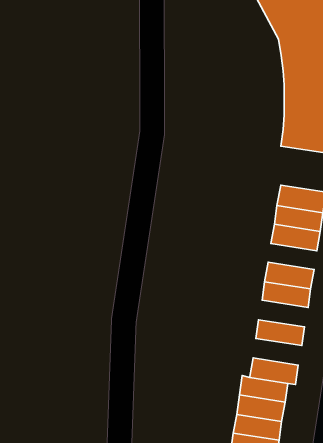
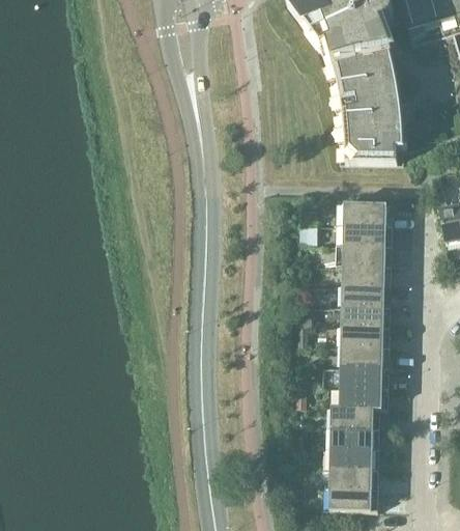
building: none -> [342,263,391,284]
building: none -> [340,324,390,345]
building: none -> [340,364,389,386]

